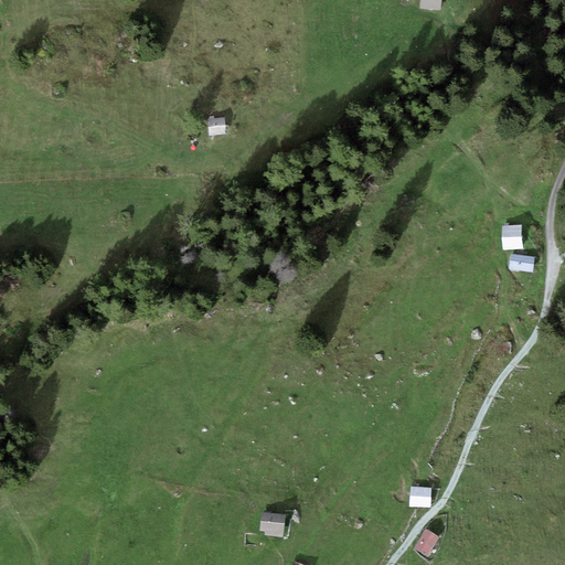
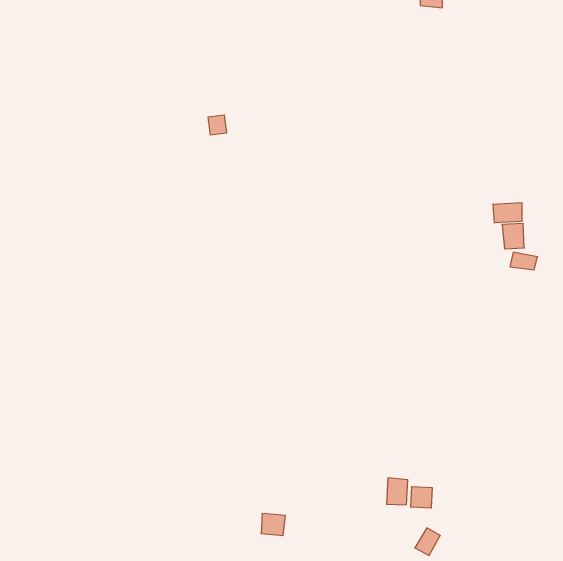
building: none -> [493,203,522,223]
building: none -> [387,478,408,505]

